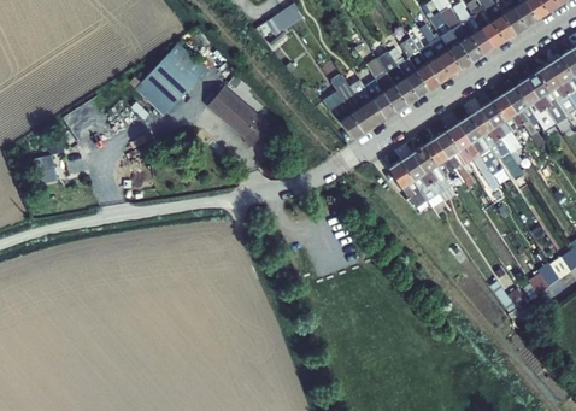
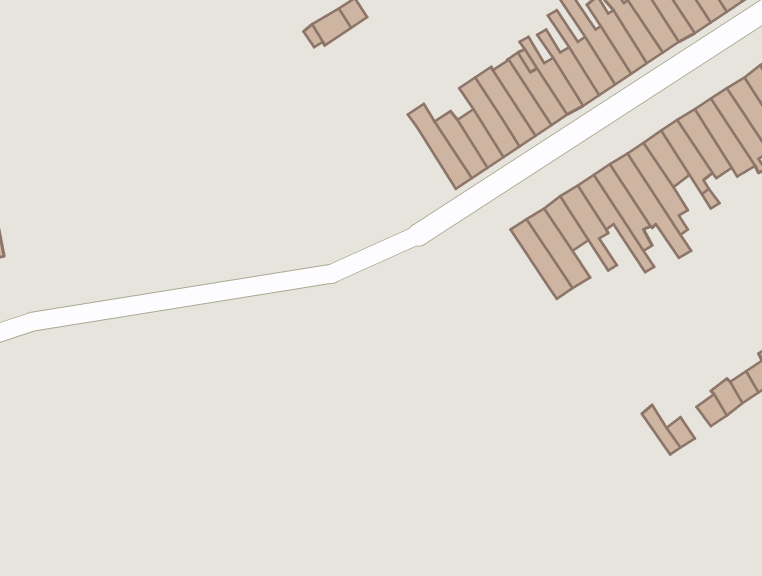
building: [129,43,206,116] -> none
building: [207,87,271,146] -> none
building: [323,90,364,139] -> none
building: [389,160,428,209] -> none

